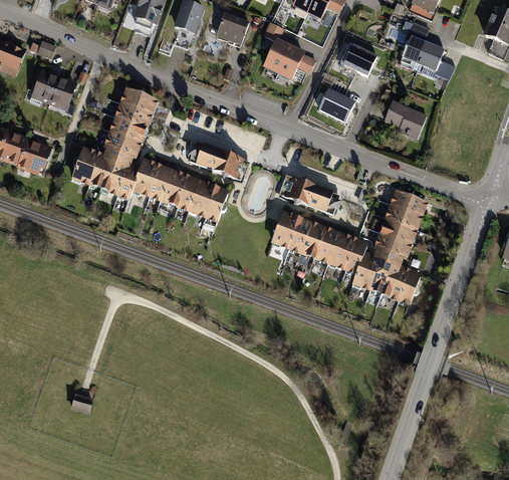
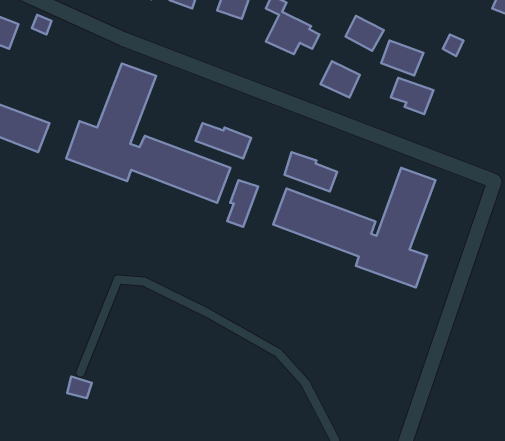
building: [403,36,444,70] -> [381,40,424,76]
building: [31,70,77,111] -> none
building: none -> [227,180,258,227]

